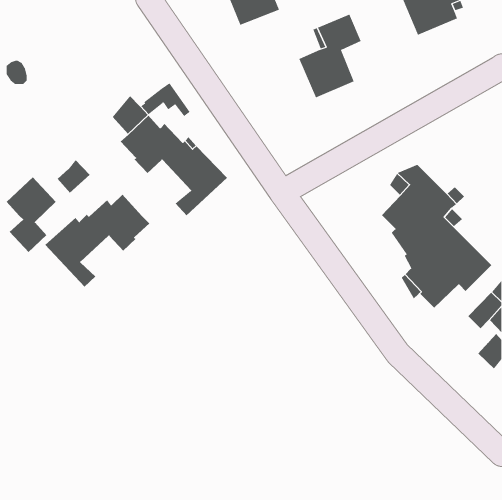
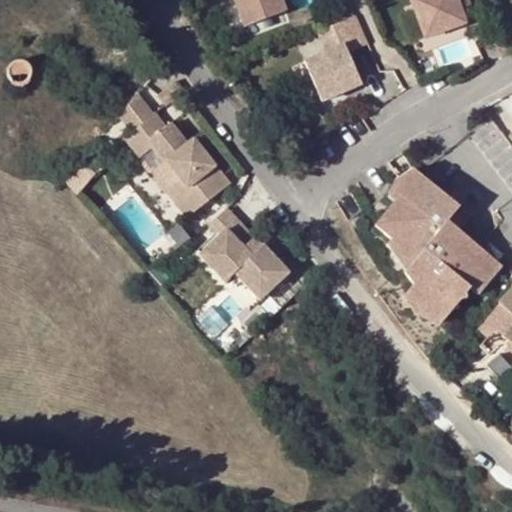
building: [6,177,56,253] -> none
building: [44,194,150,287] -> none
building: none -> [198,227,289,299]

